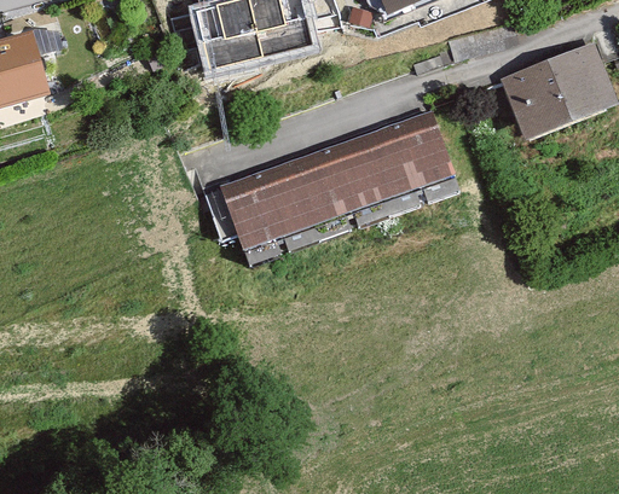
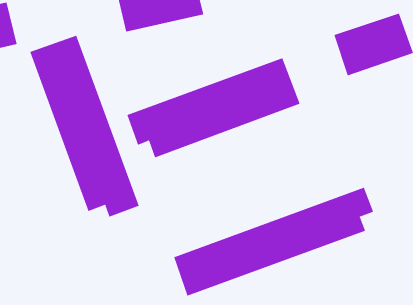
building: none -> [30,35,140,218]
building: none -> [173,187,374,296]

